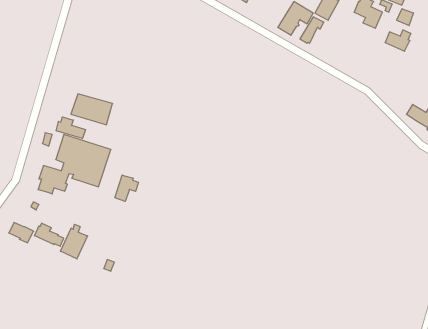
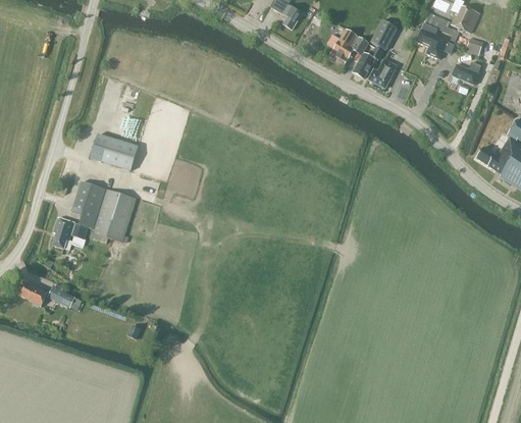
building: none -> [368,59,398,89]
building: [56,117,86,139] -> none
building: [115,175,139,201] -> none
building: [60,224,88,259] -> none

